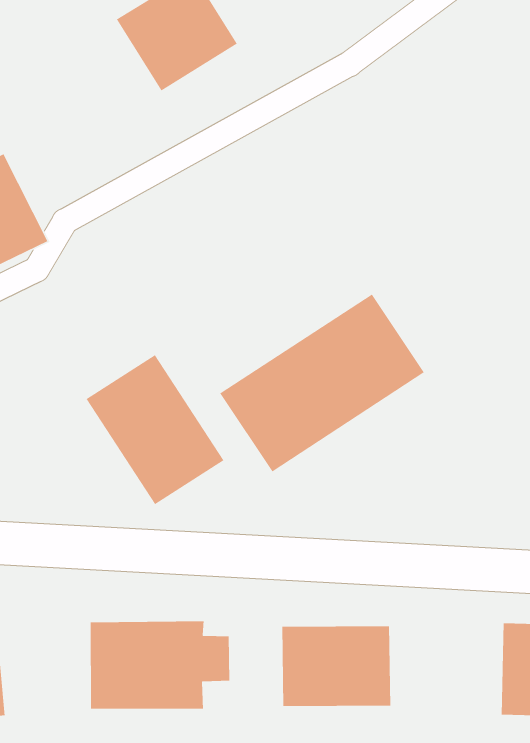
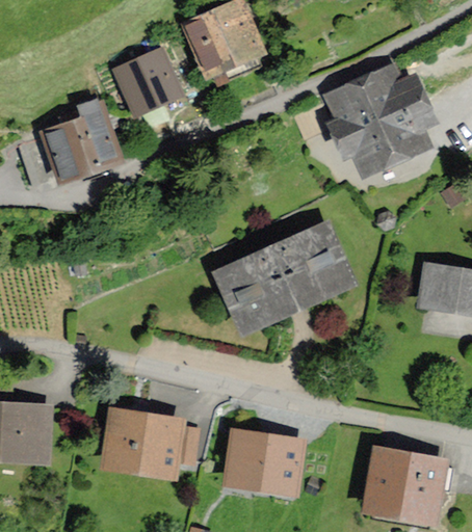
building: none -> [325,64,435,171]
building: none -> [113,49,179,114]
building: [85,354,225,505] -> none

